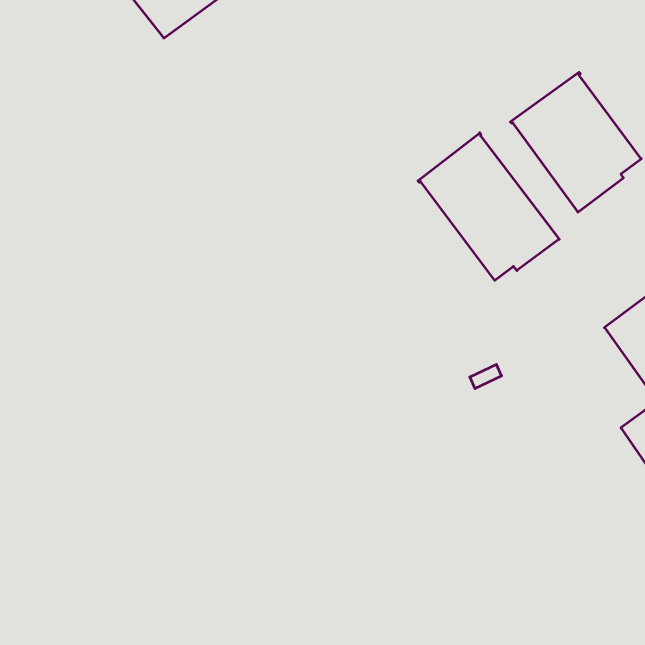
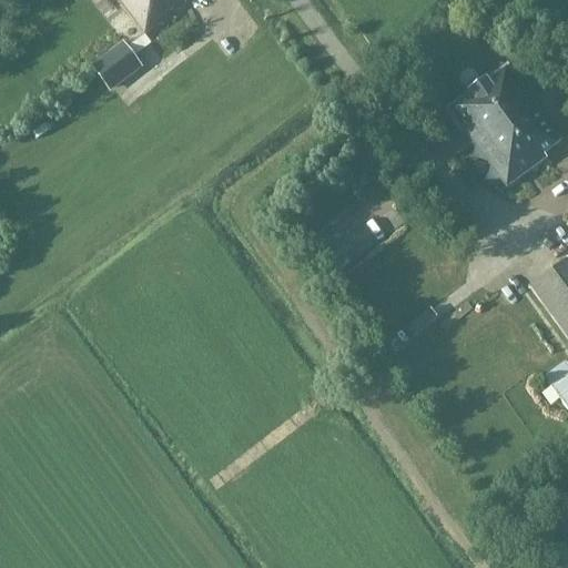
building: none -> [90,36,139,83]
building: [418,133,559,280] -> none

